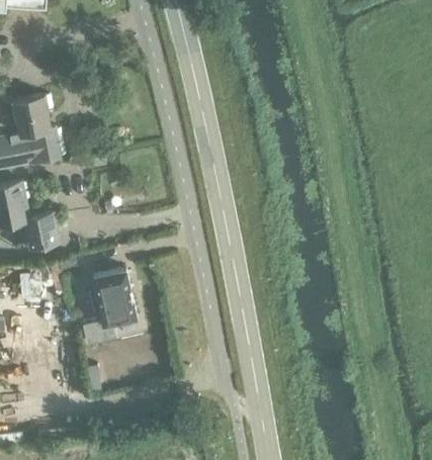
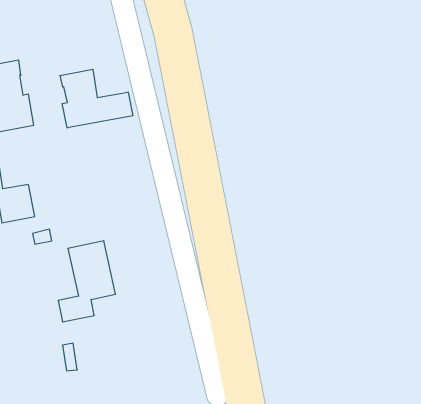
building: none -> [60,69,133,128]

